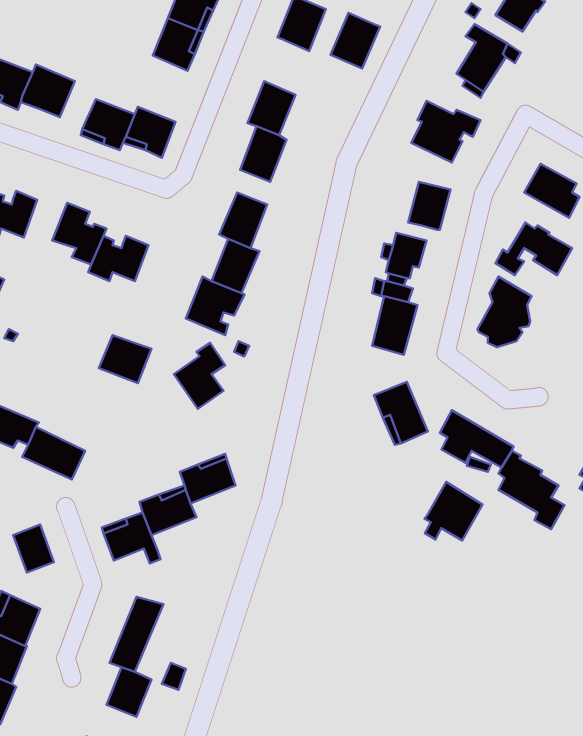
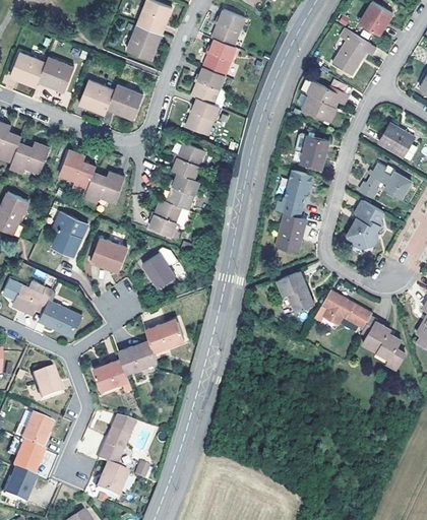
building: [331,13,380,68] -> [202,39,236,76]
building: none -> [52,212,86,255]
building: [424,482,483,541] -> none

